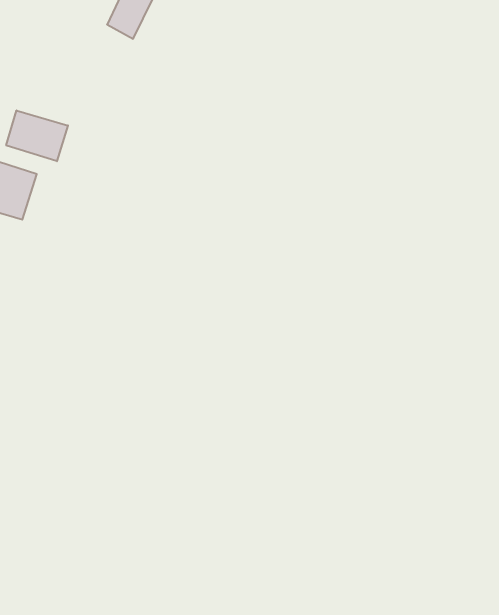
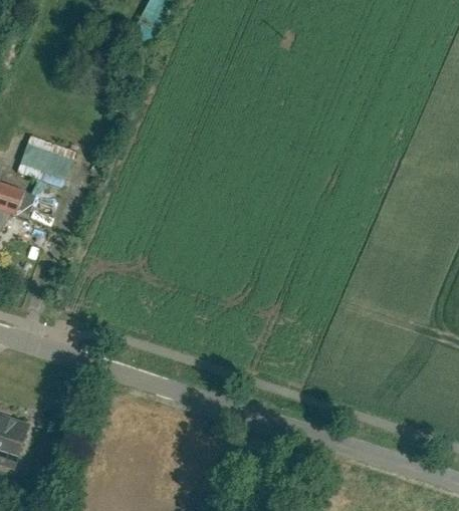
building: [6,110,68,161] -> none

